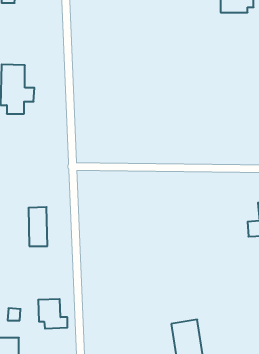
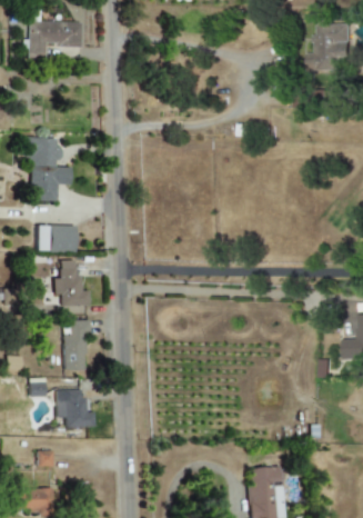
building: none -> [38,225,77,252]
building: none -> [54,260,90,306]
building: [38,299,67,329] -> [57,389,94,427]

